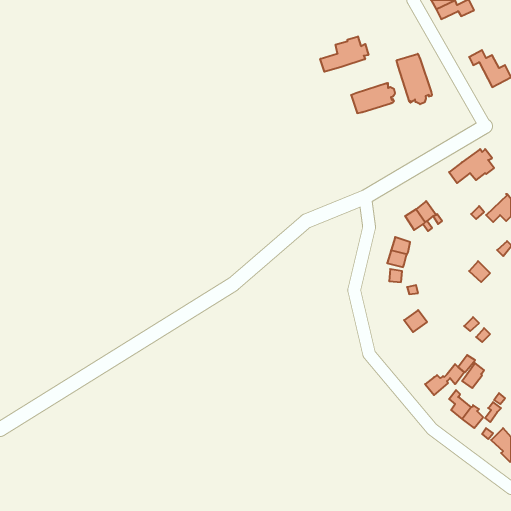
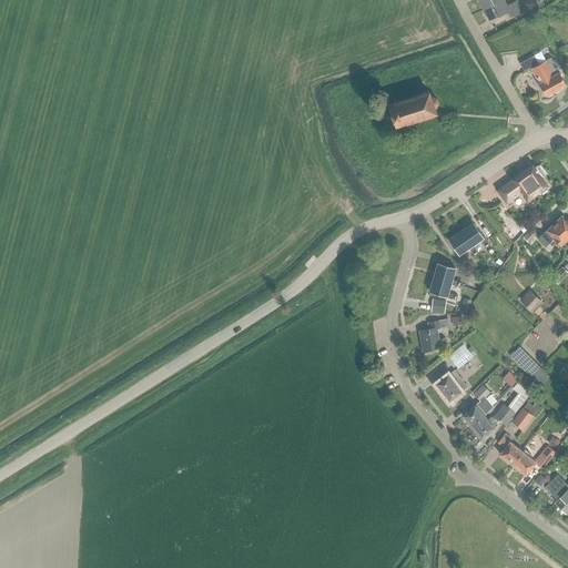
building: [320,36,368,72] -> none
building: [397,54,432,104] -> none
building: none -> [419,318,450,352]
building: none -> [436,371,468,402]
building: none -> [463,385,494,426]

